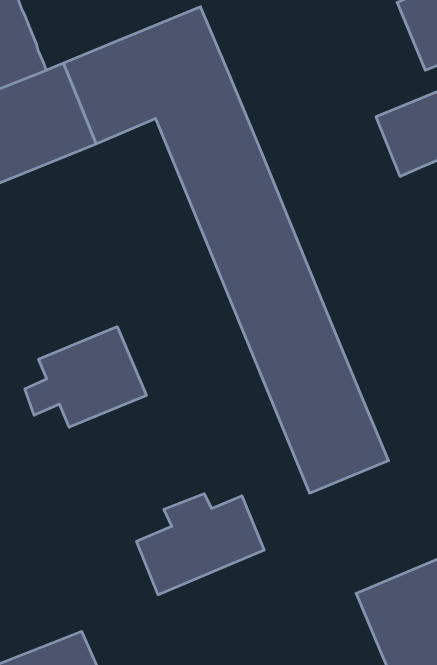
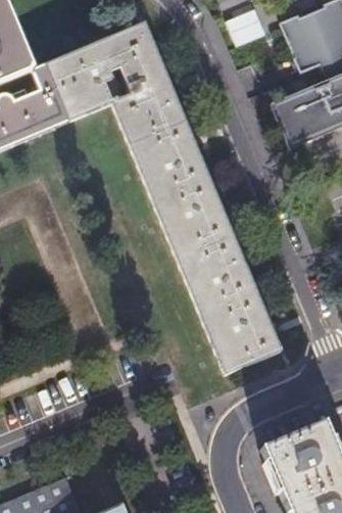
building: [25,327,146,427] -> none
building: [137,494,264,595] -> none

